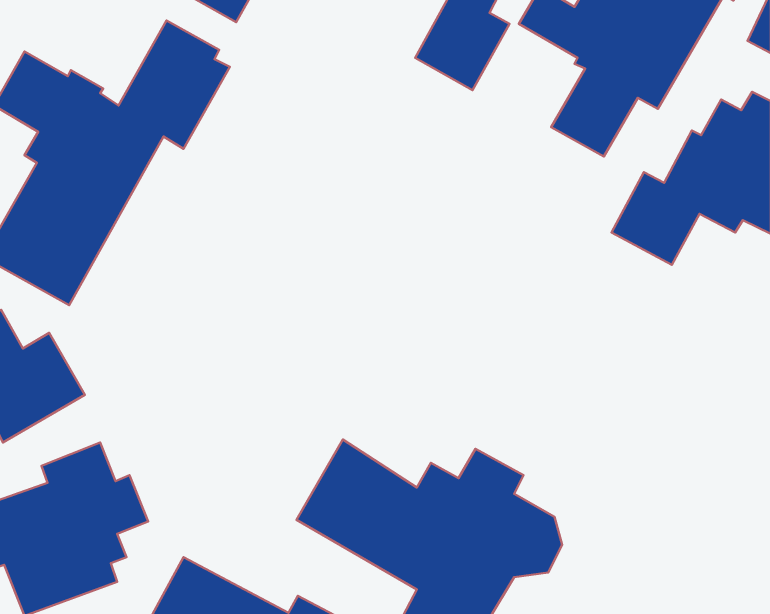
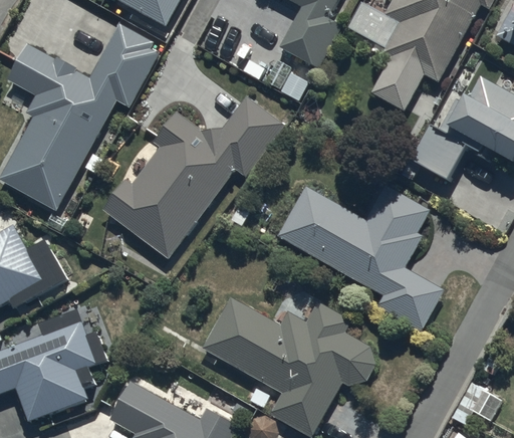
building: none -> [103,97,285,262]
building: none -> [279,186,448,336]

